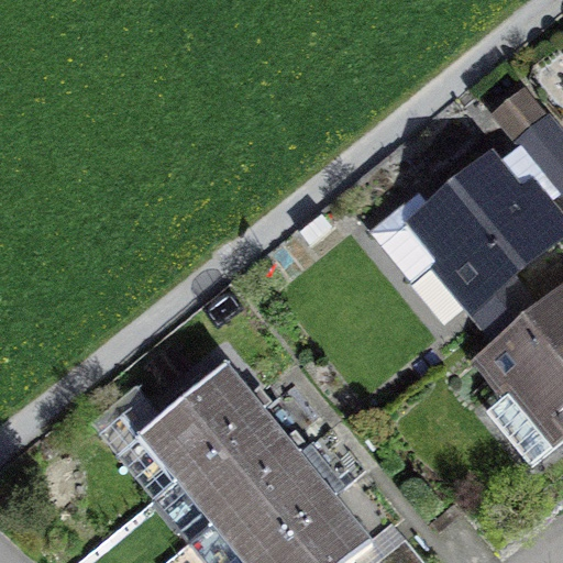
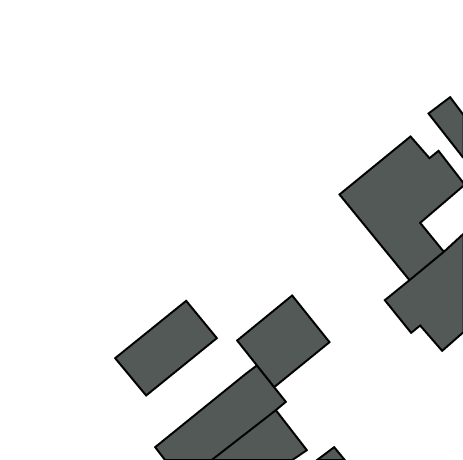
building: none -> [237,296,329,387]
building: [154,409,299,541] -> none

